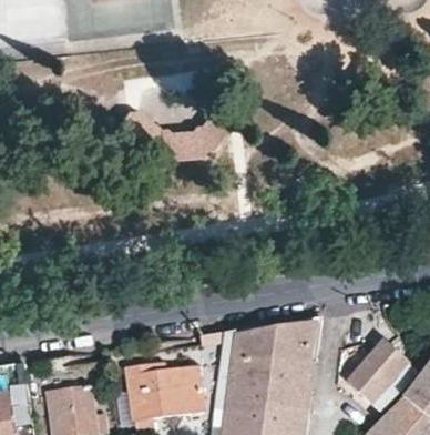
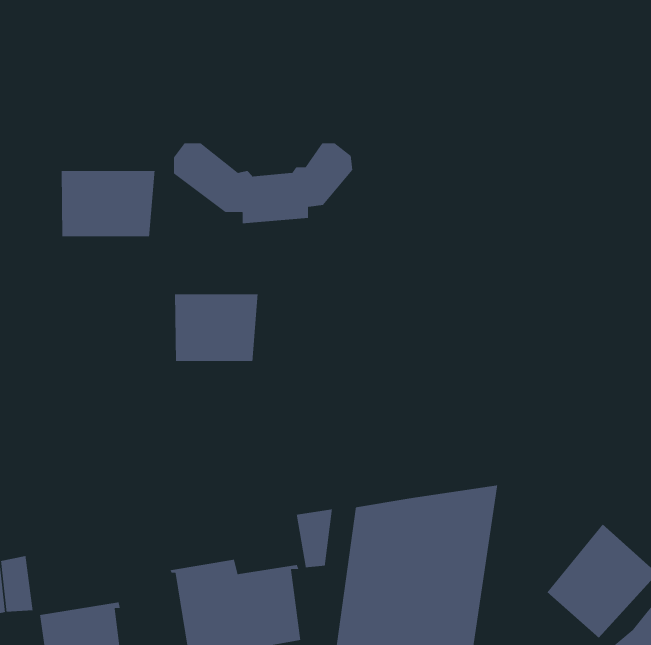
building: none -> [61,170,155,237]
building: none -> [174,294,258,362]

